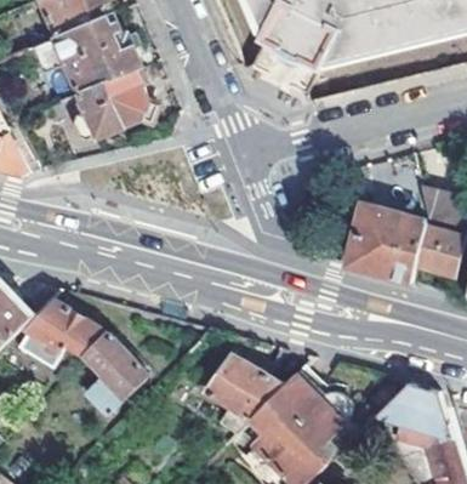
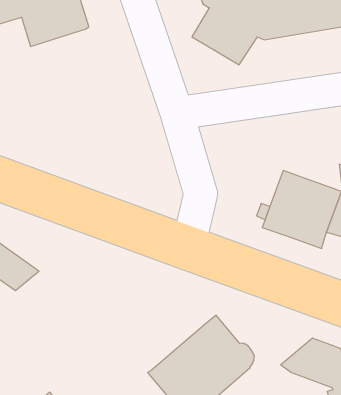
building: [74,70,153,143] -> none
building: [87,335,150,412] -> none
building: [209,355,294,431] -> none

